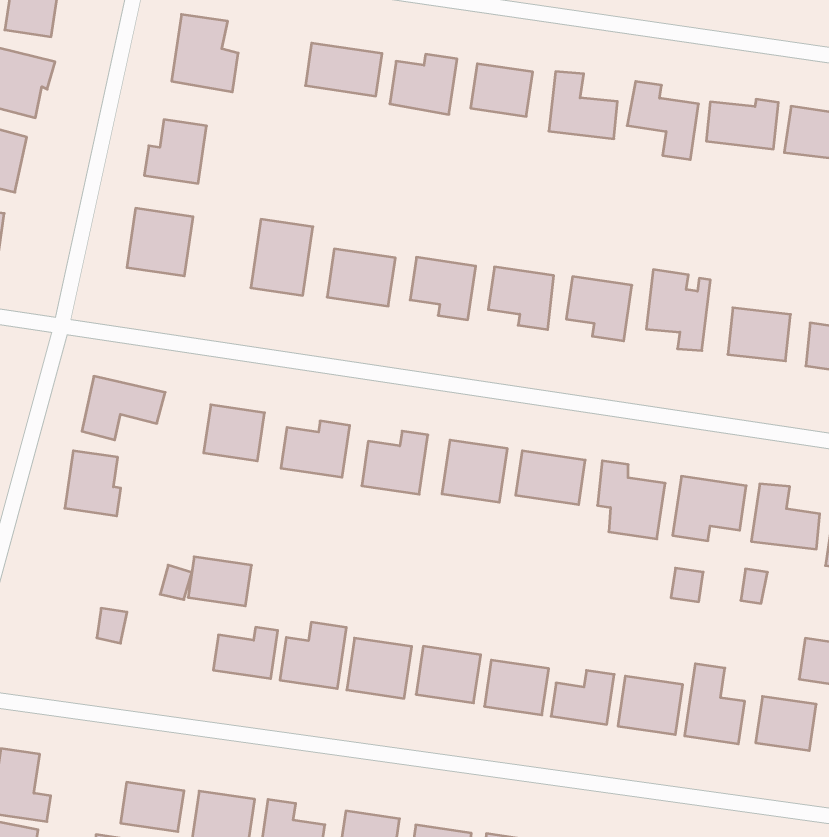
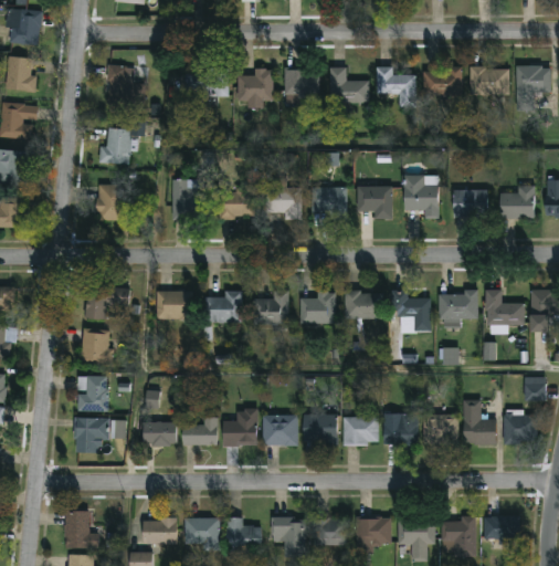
building: none -> [77,376,107,412]
building: [188,557,252,606] -> [143,422,177,447]
building: none -> [76,419,107,453]

